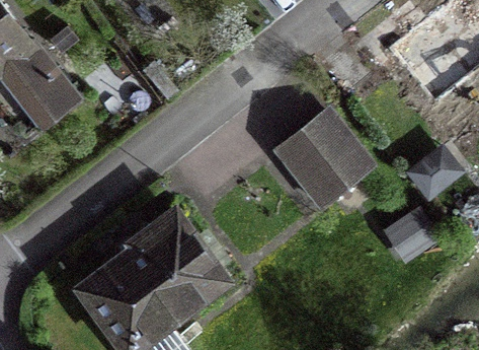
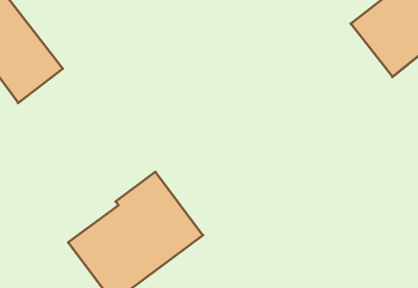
building: [284,113,369,198] -> none

